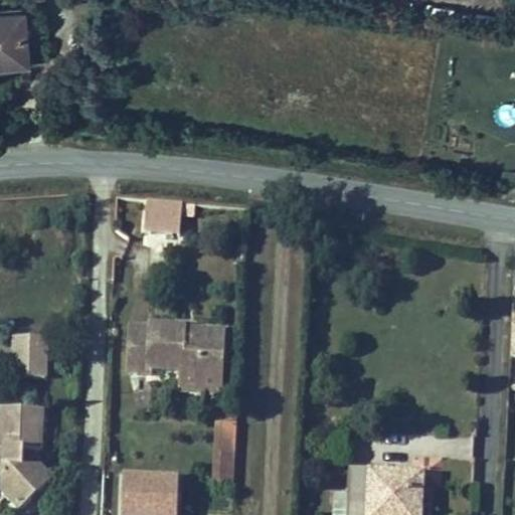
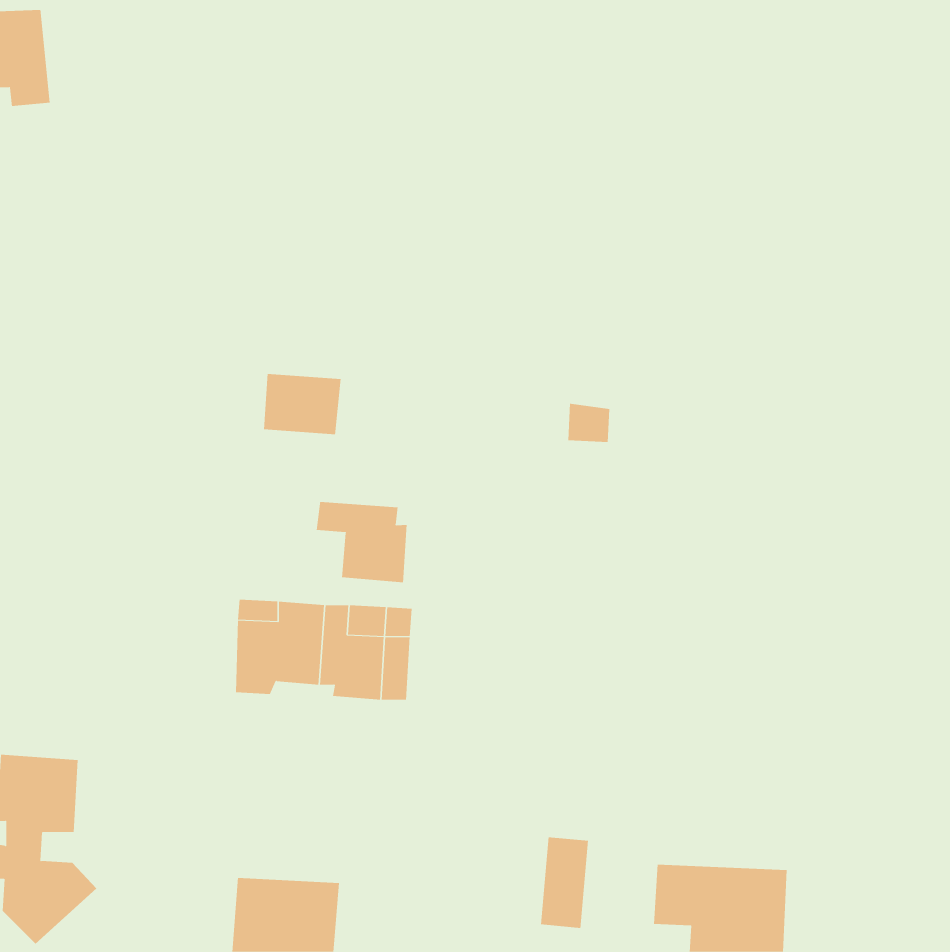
building: none -> [316,501,407,583]
building: [15,338,47,373] -> none
building: [211,431,237,480] -> [540,837,589,928]

